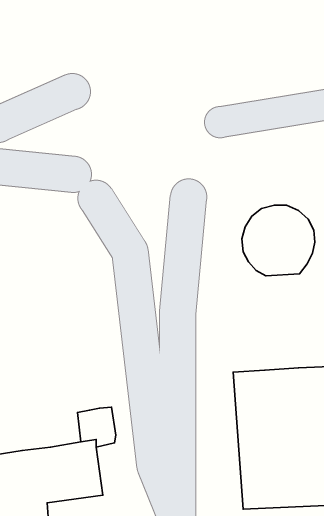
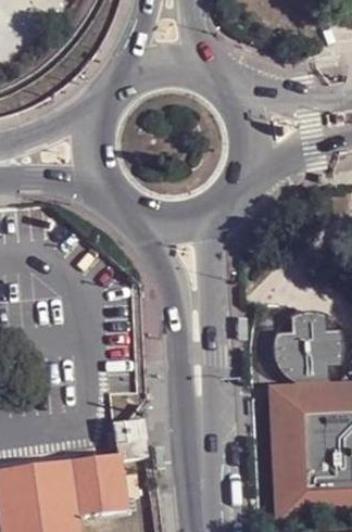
building: [242,205,315,276] -> [268,313,341,383]

